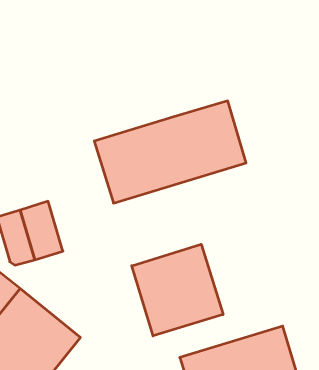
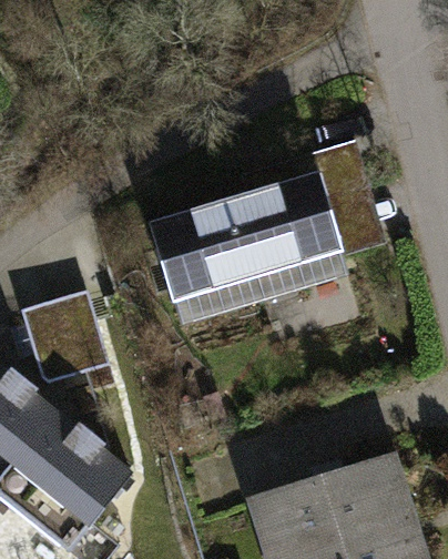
building: none -> [244,143,381,254]
building: [132,244,223,336] -> none

